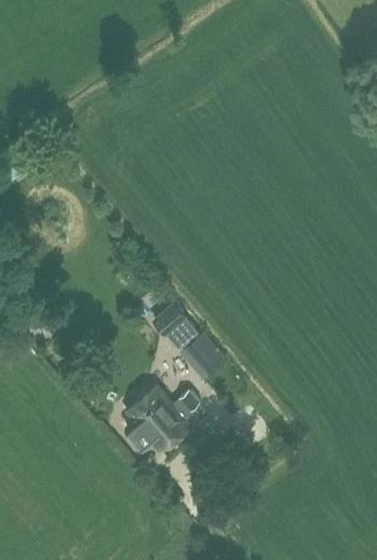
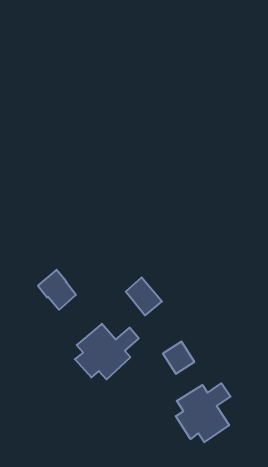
building: [154,303,199,350] -> [38,270,76,310]
building: none -> [176,383,231,442]

